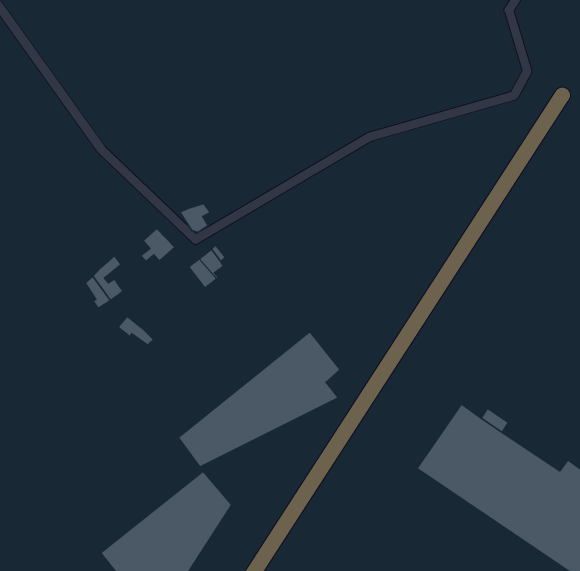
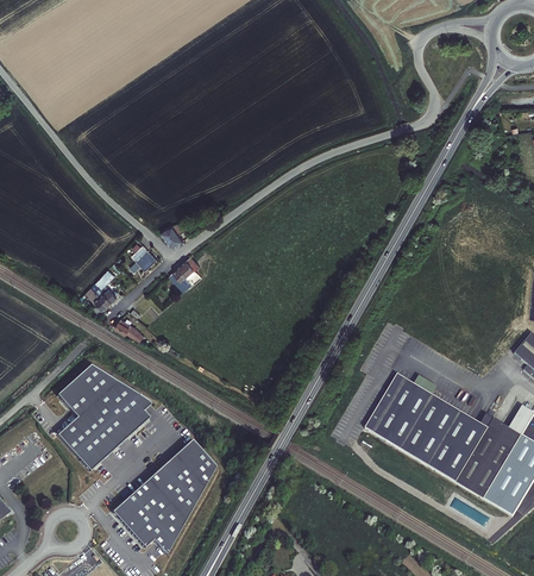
building: [178,332,340,467] -> none
building: none -> [57,364,151,470]

